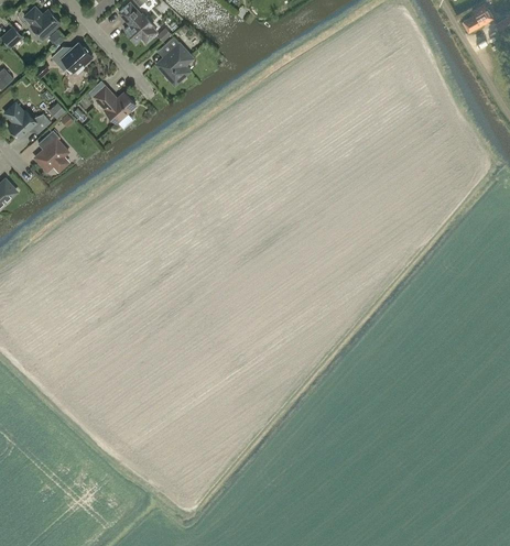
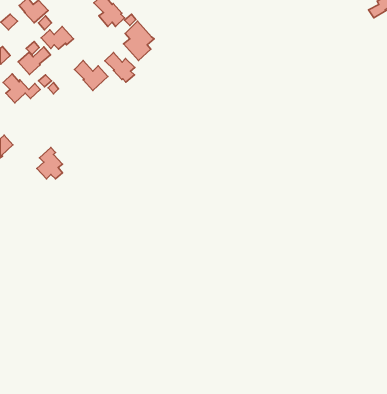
building: none -> [18,47,50,75]
building: none -> [105,52,135,82]
building: [35,130,67,170] -> [37,147,62,179]

